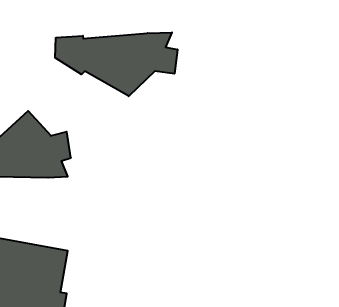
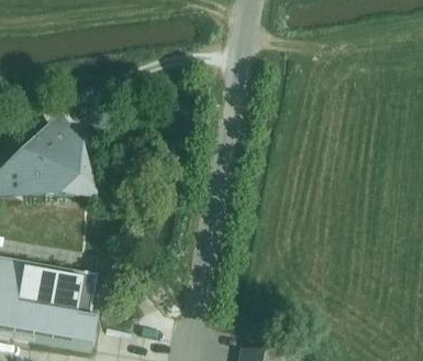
building: [55,32,177,96] -> none

